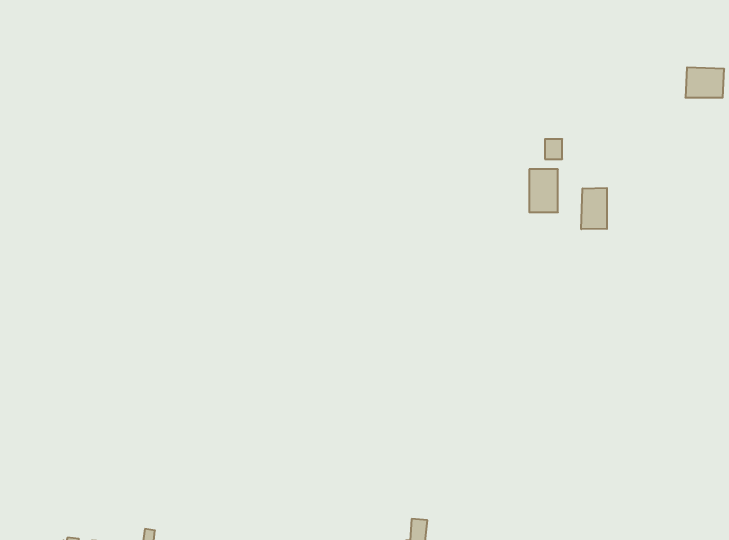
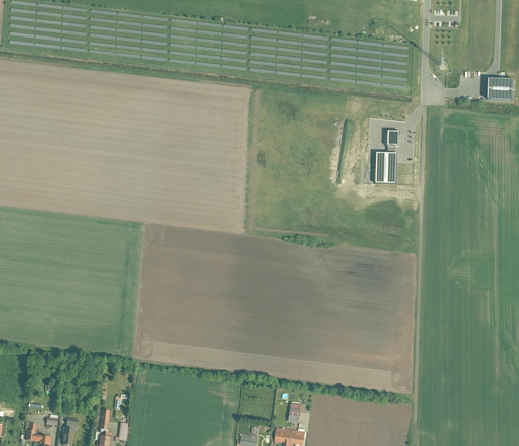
building: [581,188,607,229] -> none

